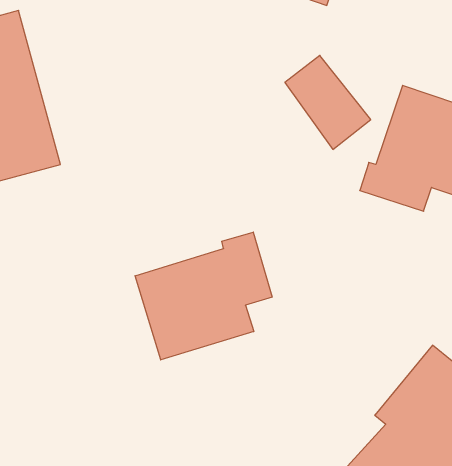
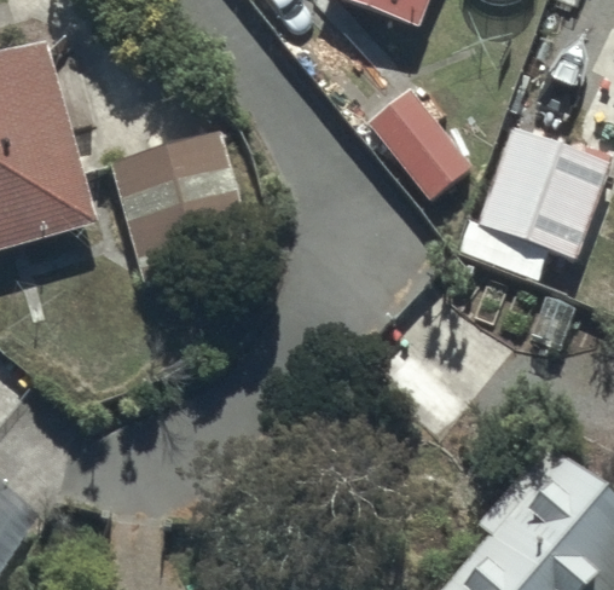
building: none -> [111,129,253,278]
building: [135,232,272,360] -> none

